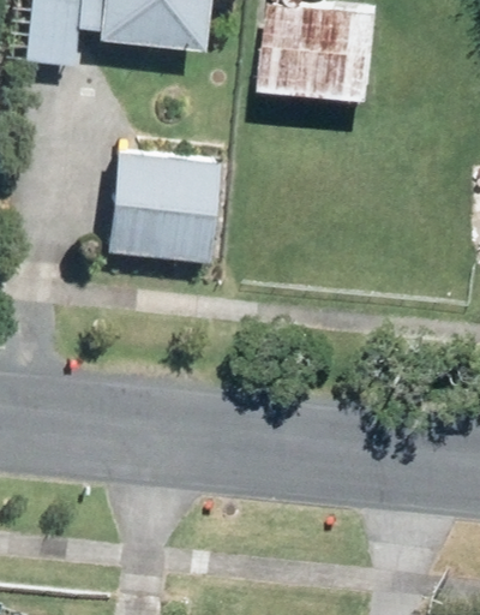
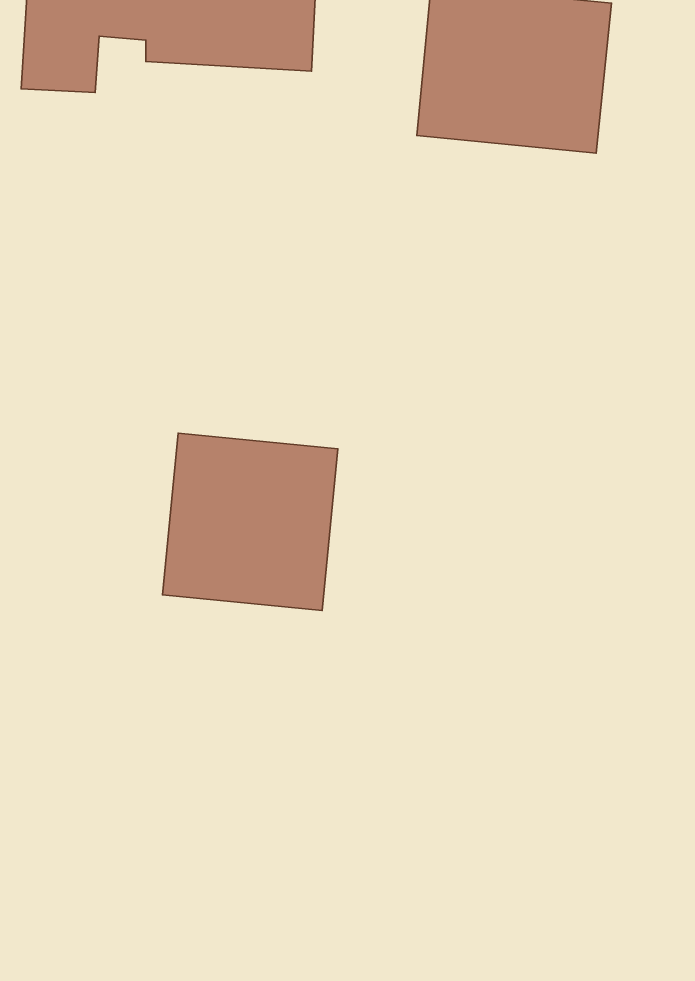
building: [109,153,217,262] -> [162,433,338,610]

